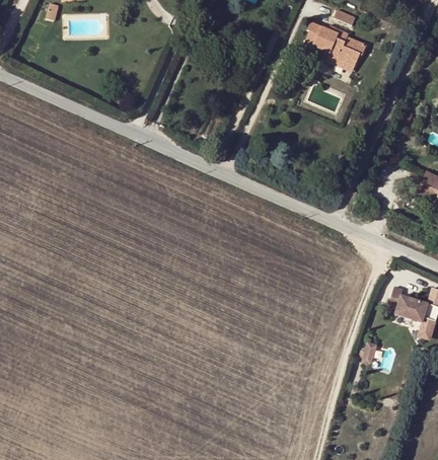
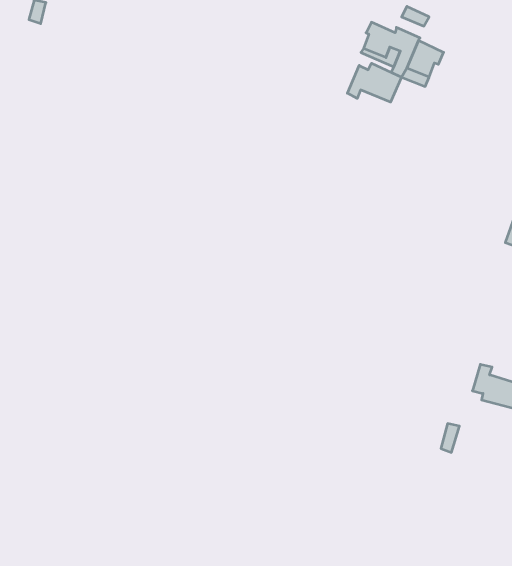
building: none -> [347,63,402,102]

